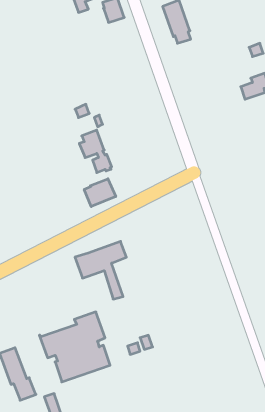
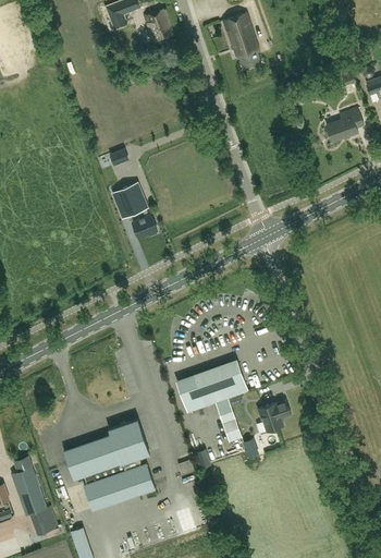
building: [84,179,116,207] -> none
building: [75,241,126,299] -> [179,364,246,439]
building: none -> [258,401,291,432]

